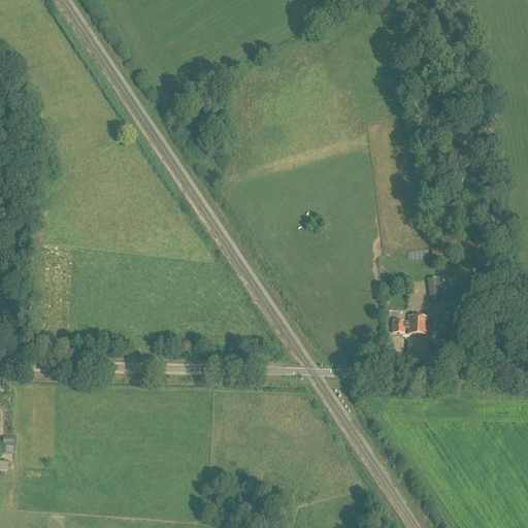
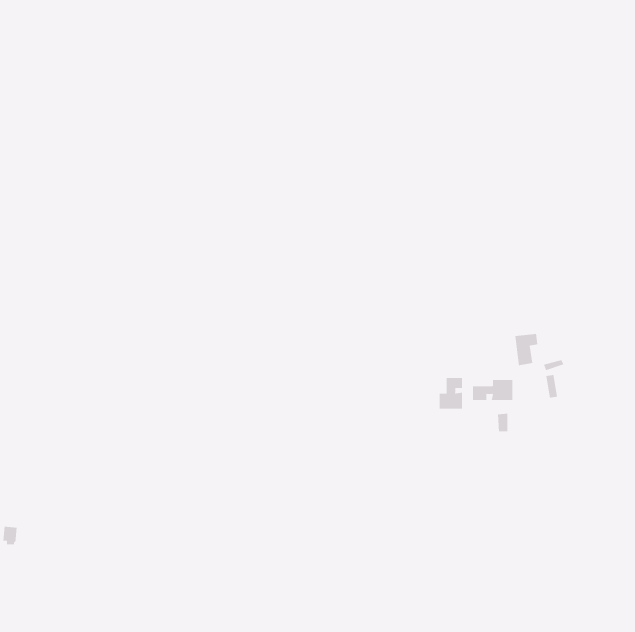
building: none -> [439,377,463,410]

